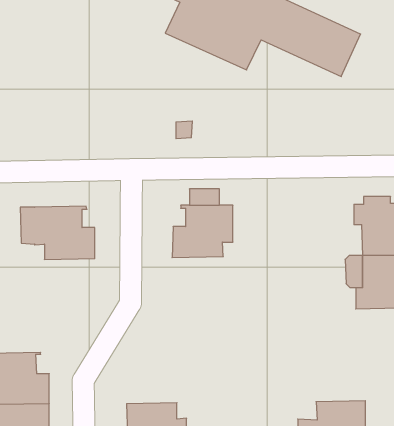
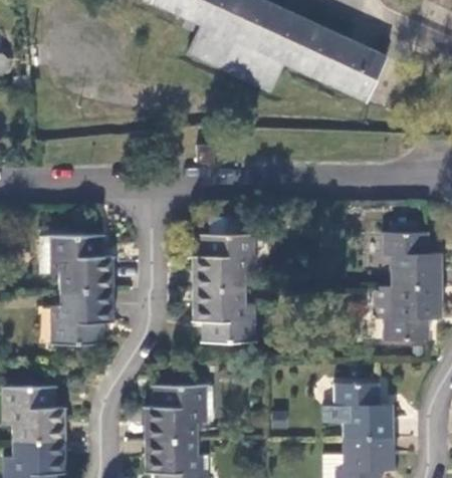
building: none -> [193,286,256,342]
building: none -> [51,288,112,343]
building: none -> [323,383,394,437]
building: none -> [145,384,208,439]

